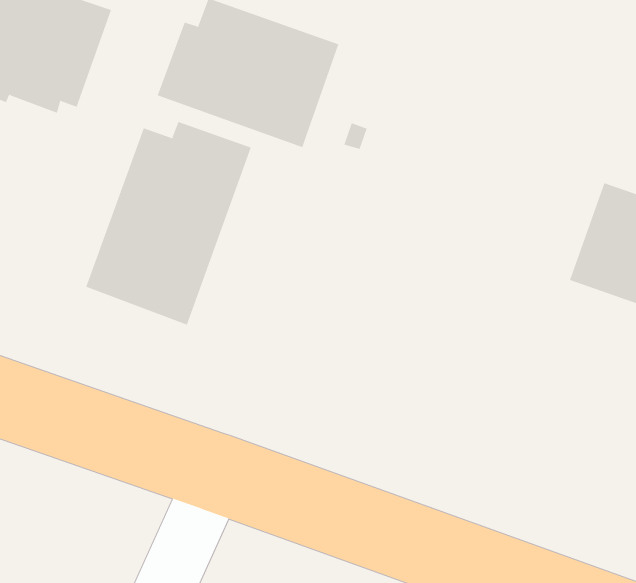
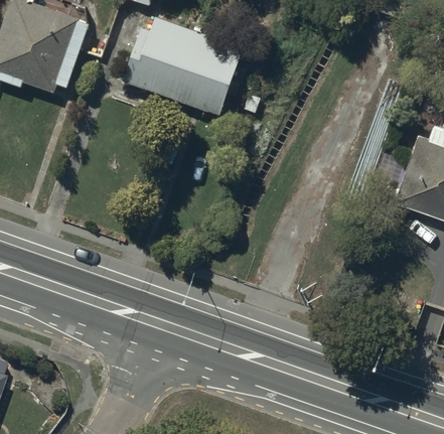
building: [85,121,251,325] -> none

